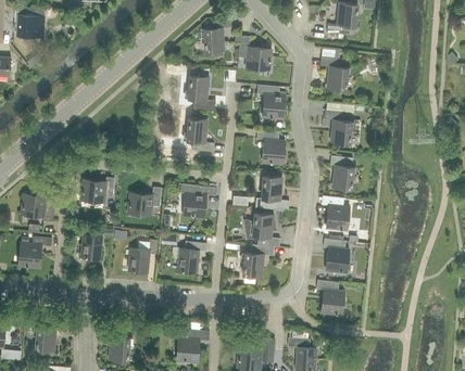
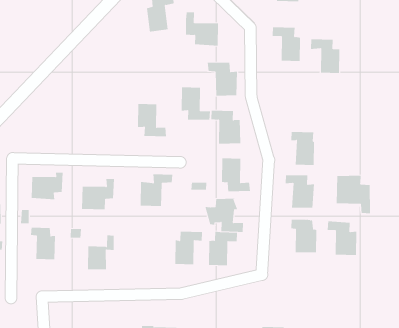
building: [187,76,215,110] -> [181,87,211,120]
building: [323,110,351,144] -> [310,39,340,74]
building: none -> [336,175,370,214]
building: [177,241,206,273] -> [174,231,203,265]
building: [315,280,343,315] -> [327,221,357,255]

